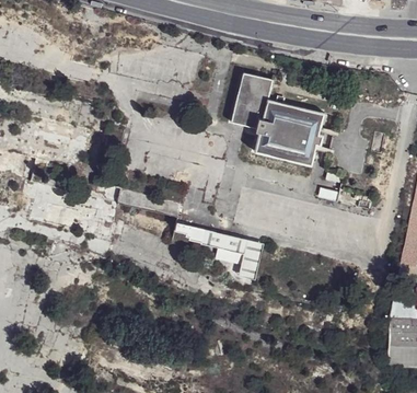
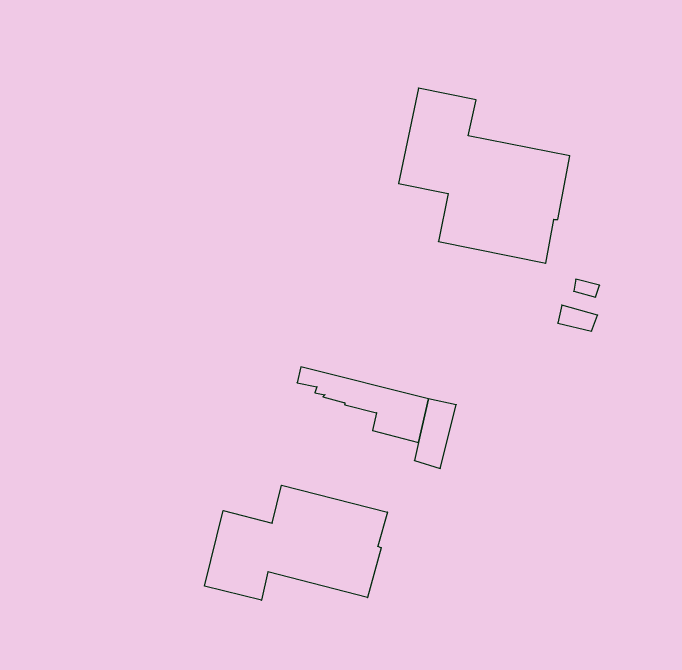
building: none -> [205,485,387,600]

